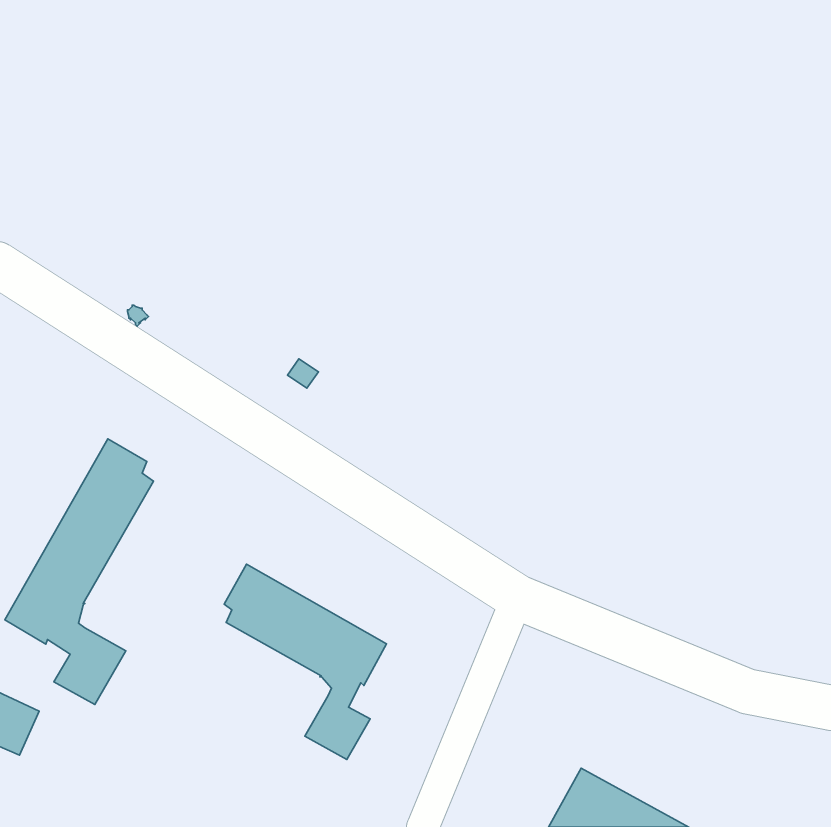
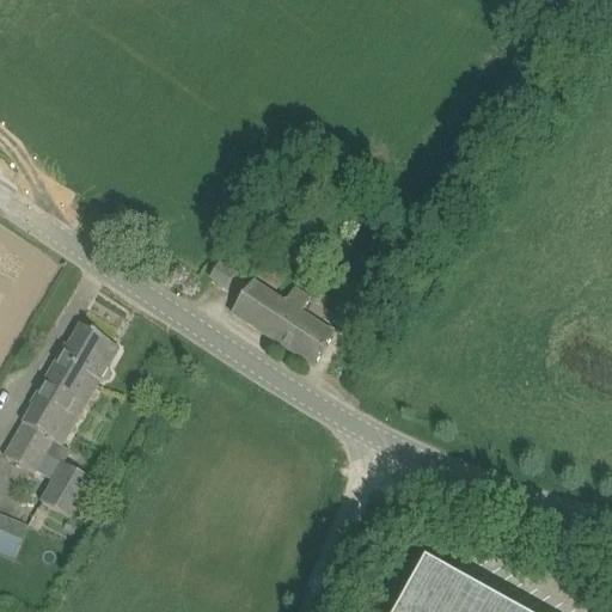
building: none -> [233,279,333,363]
building: [224,564,387,760] -> none

